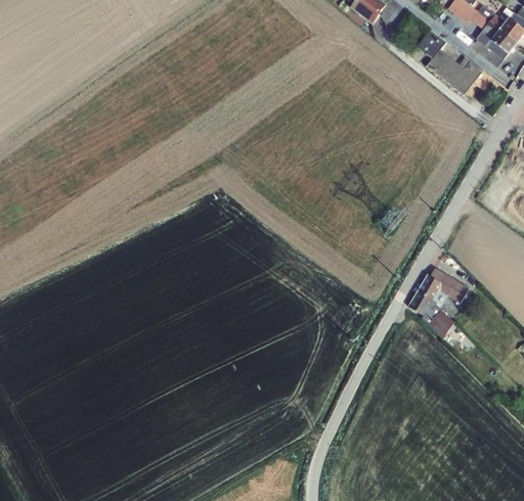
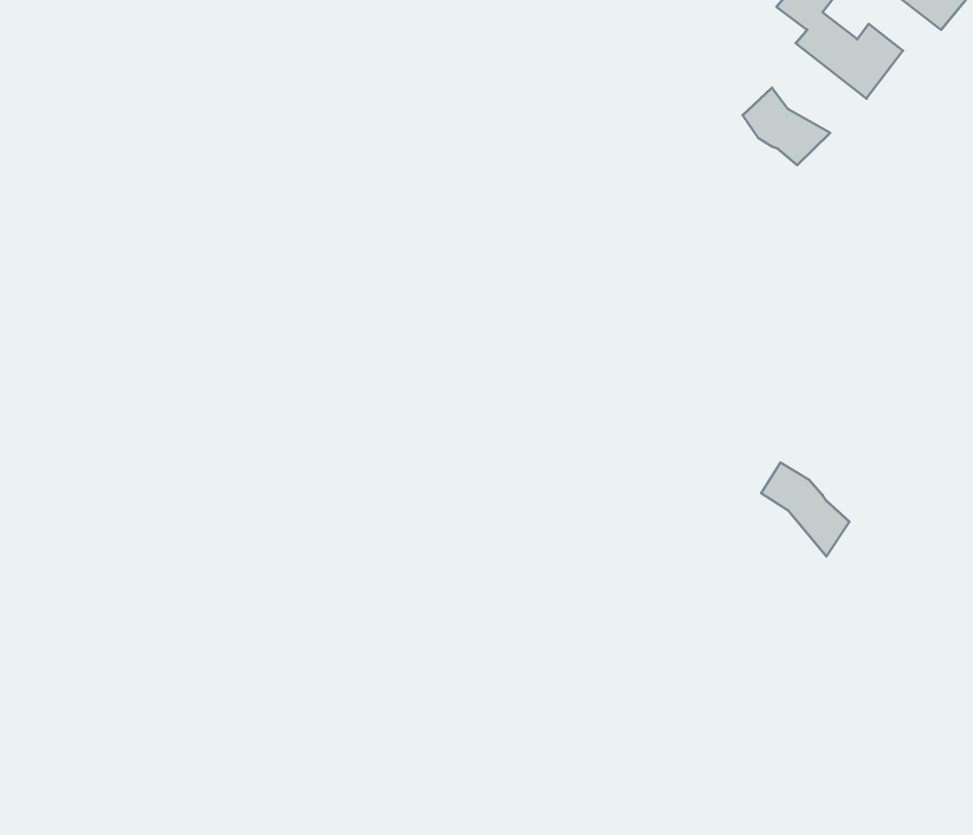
building: none -> [743,88,830,165]
building: [418,268,468,308] -> none

